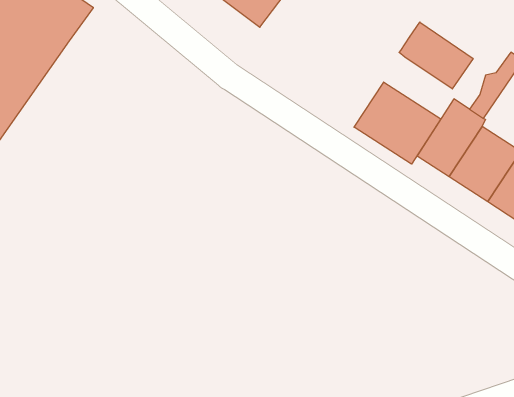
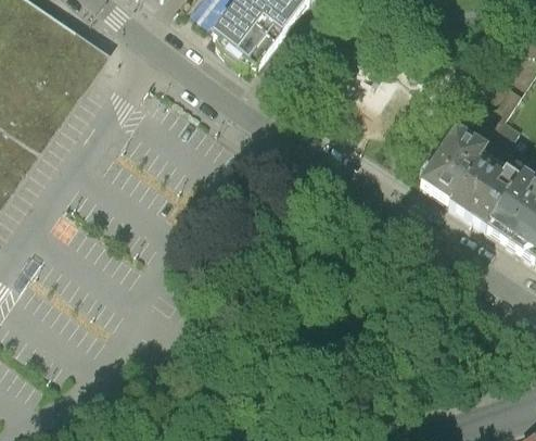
building: [399,22,473,89] -> none
building: [354,82,441,164] -> none

